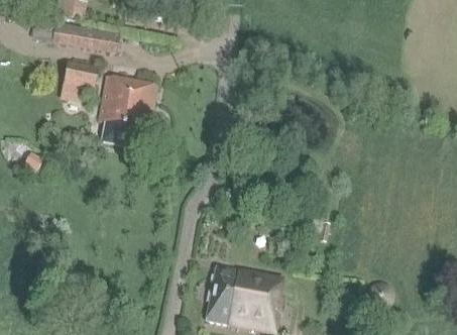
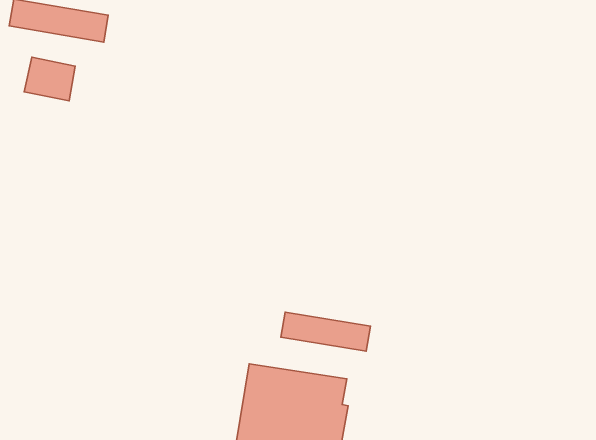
building: [98,75,154,146] -> none
building: none -> [281,312,371,351]

